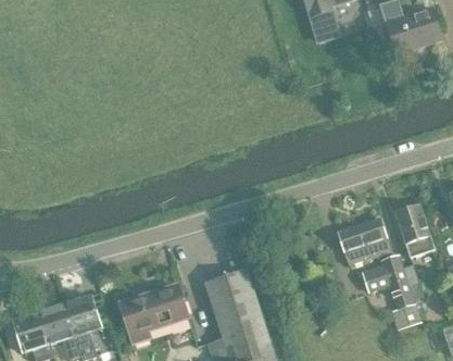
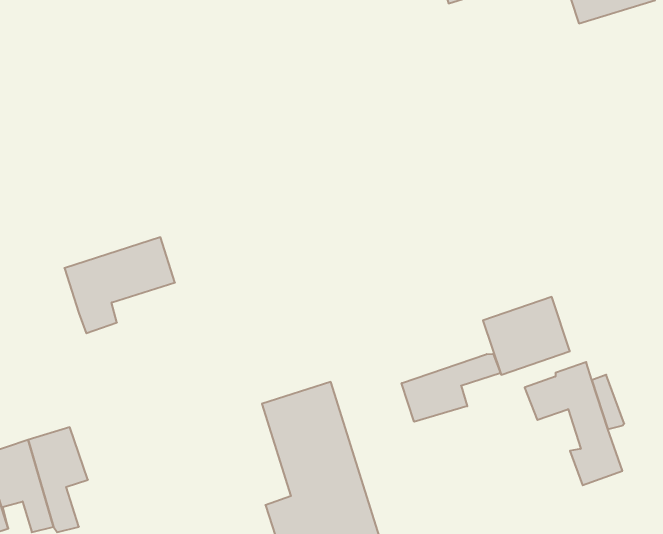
building: [395,204,433,257] -> none
building: none -> [402,354,501,422]
building: [121,287,187,345] -> [64,237,175,333]

